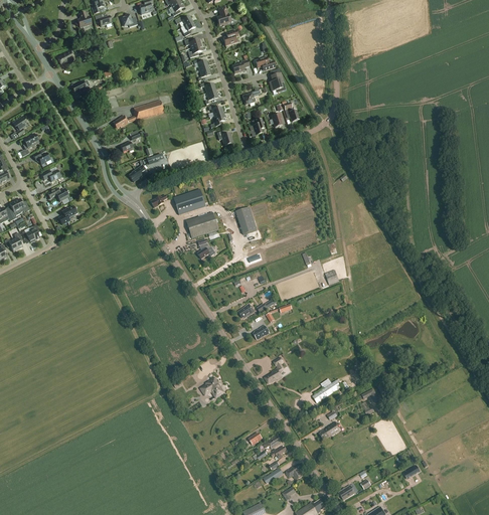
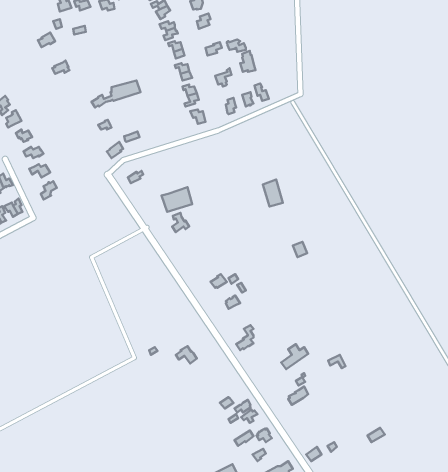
building: [173,190,205,215] -> none
building: [238,206,260,234] -> [263,180,283,207]

